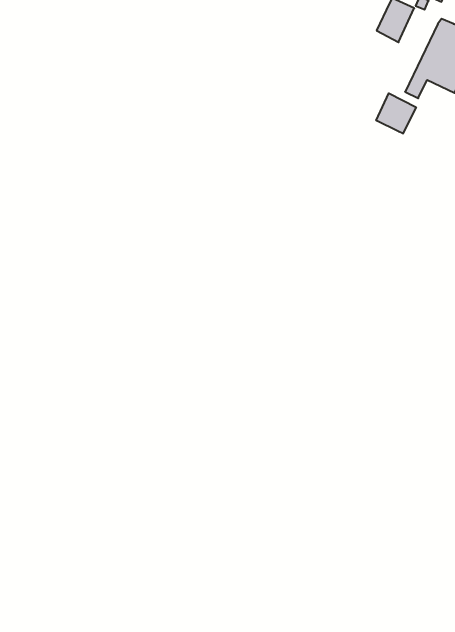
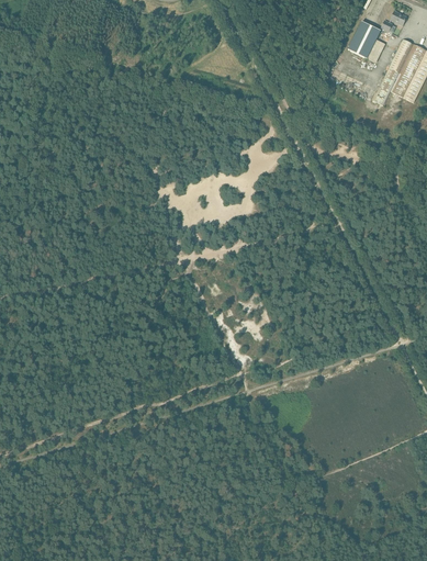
building: [376,93,416,134] -> none

